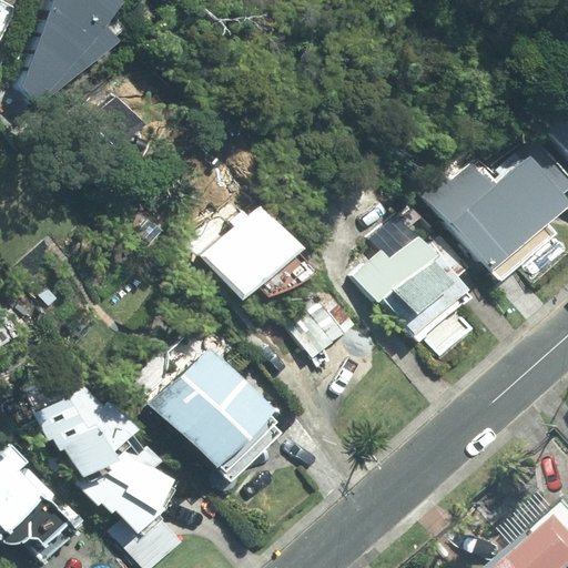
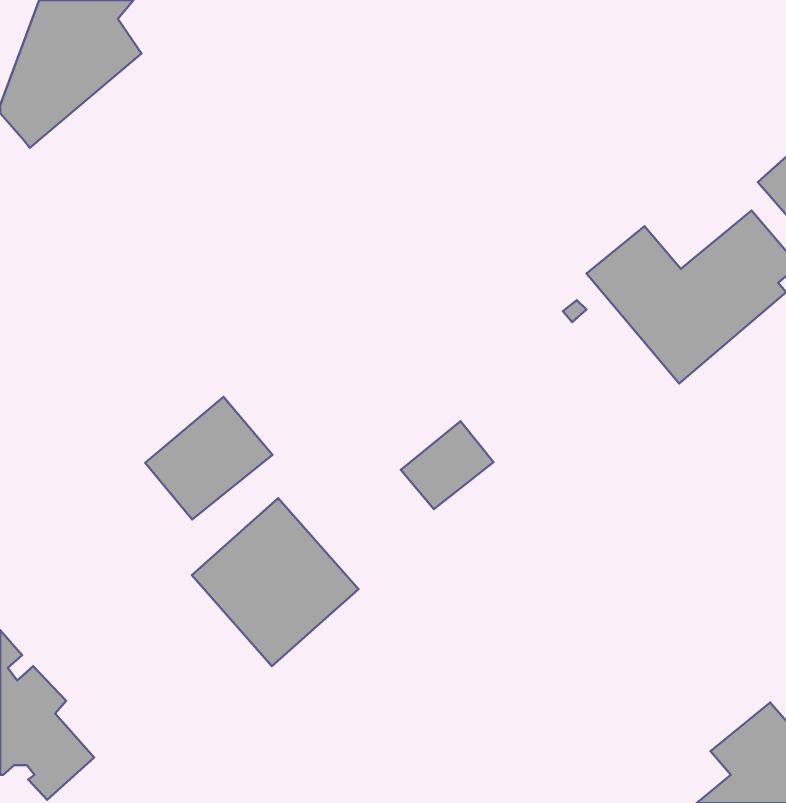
building: [207,210,297,296] -> [145,397,272,519]
building: [372,235,475,338] -> none
building: [38,386,185,538] -> none

